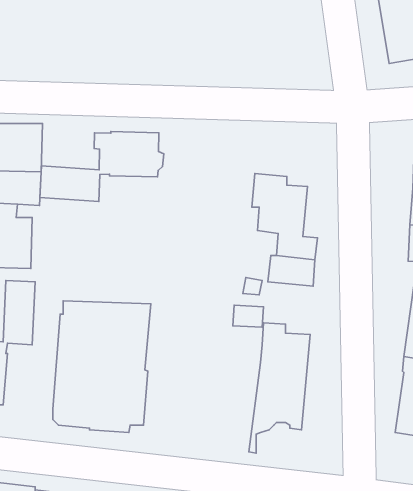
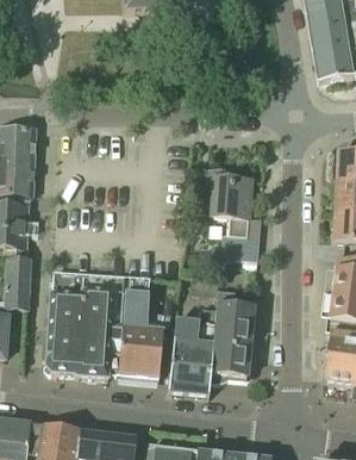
building: [40,132,164,201] -> none
building: none -> [119,274,170,378]
building: none -> [168,306,216,394]

